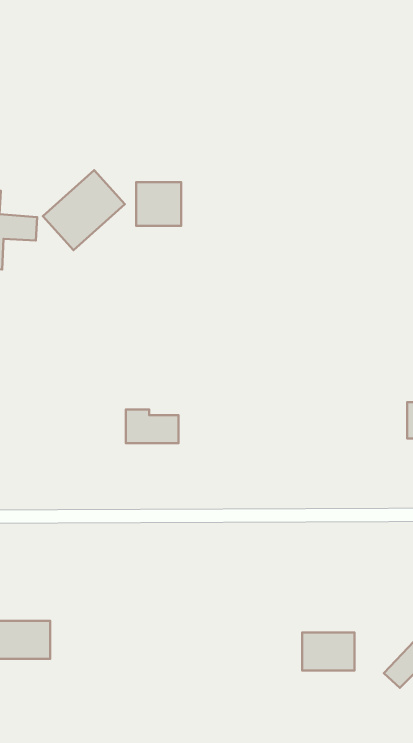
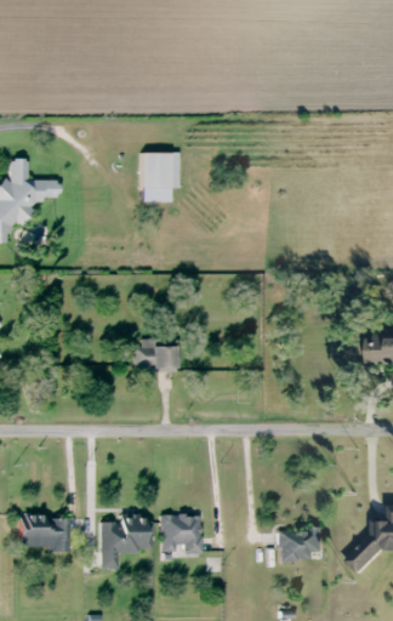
building: [43,170,125,250] -> none
building: none -> [161,515,201,553]
building: none -> [102,518,153,568]

